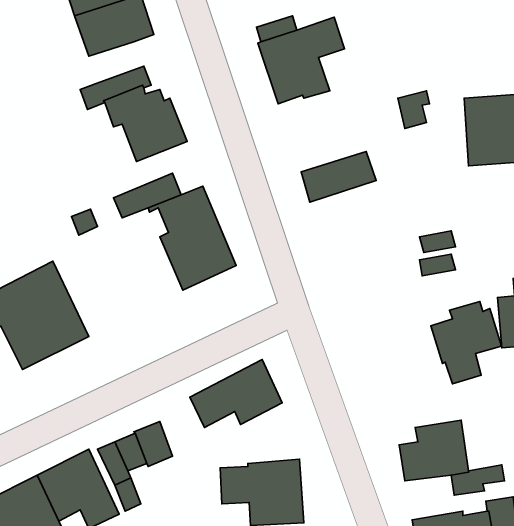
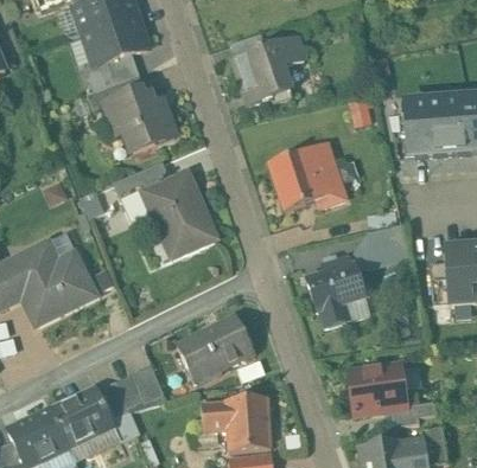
building: none -> [94,52,139,86]
building: none -> [276,165,345,206]
building: [431,301,502,384] -> [307,257,365,325]

